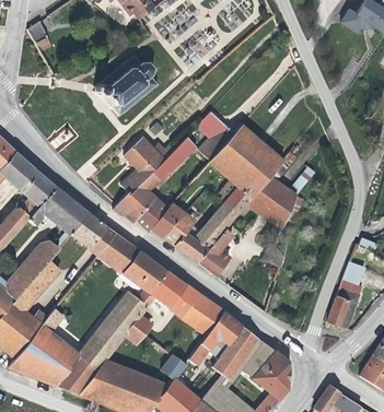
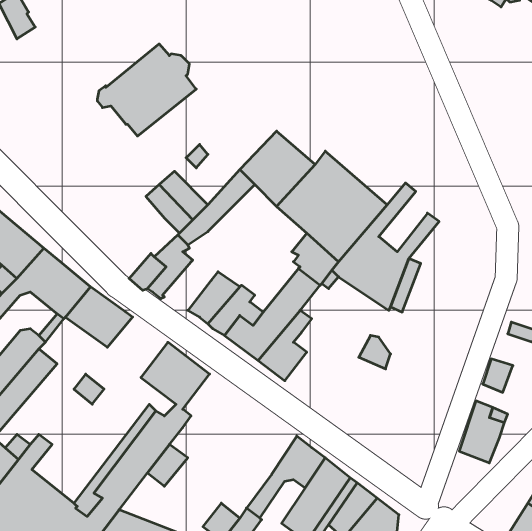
building: [135,197,166,231] -> none
building: [96,233,138,272] -> none
building: [148,270,222,336] -> none

